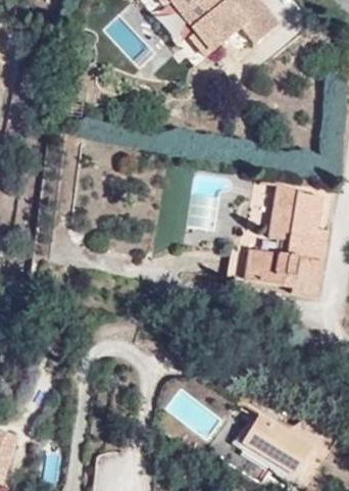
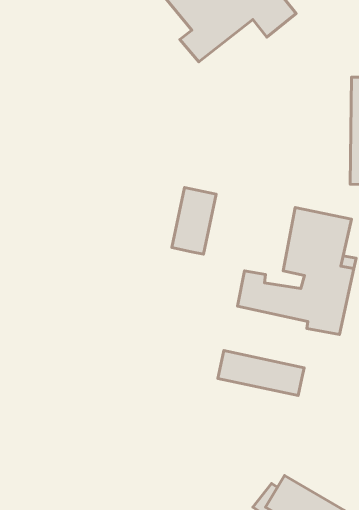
building: none -> [172,188,216,254]
building: none -> [218,351,304,396]

